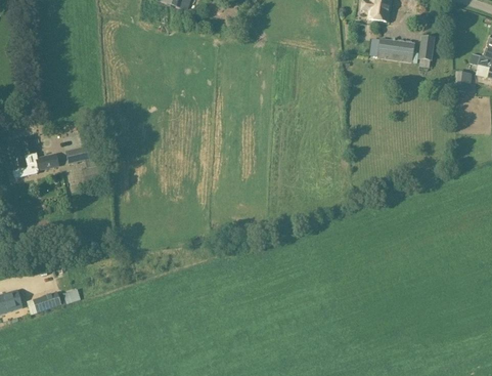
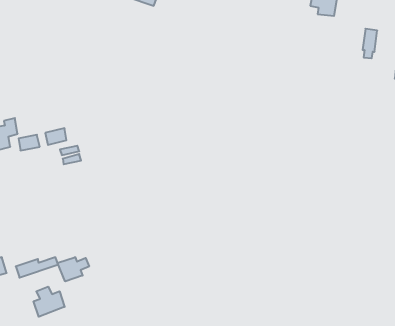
building: [378,38,415,61] -> none
building: none -> [58,257,89,281]
building: none -> [34,287,65,317]

